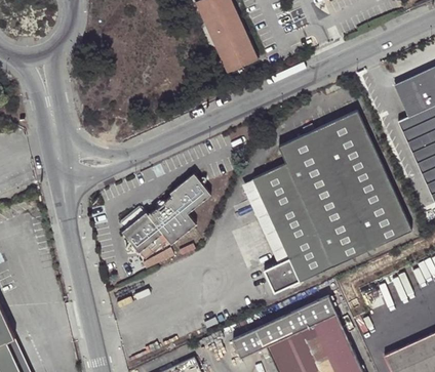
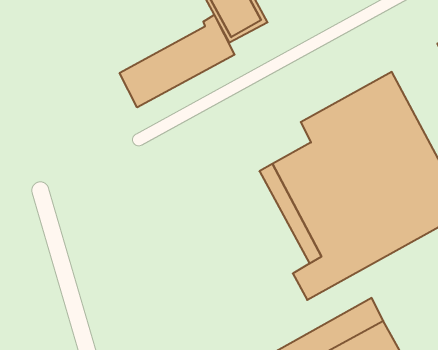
building: none -> [120,15,235,107]
building: [124,175,213,263] -> none

